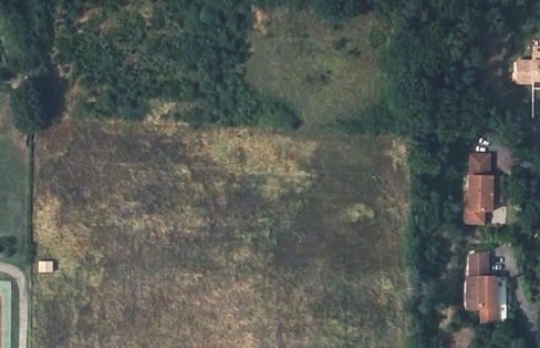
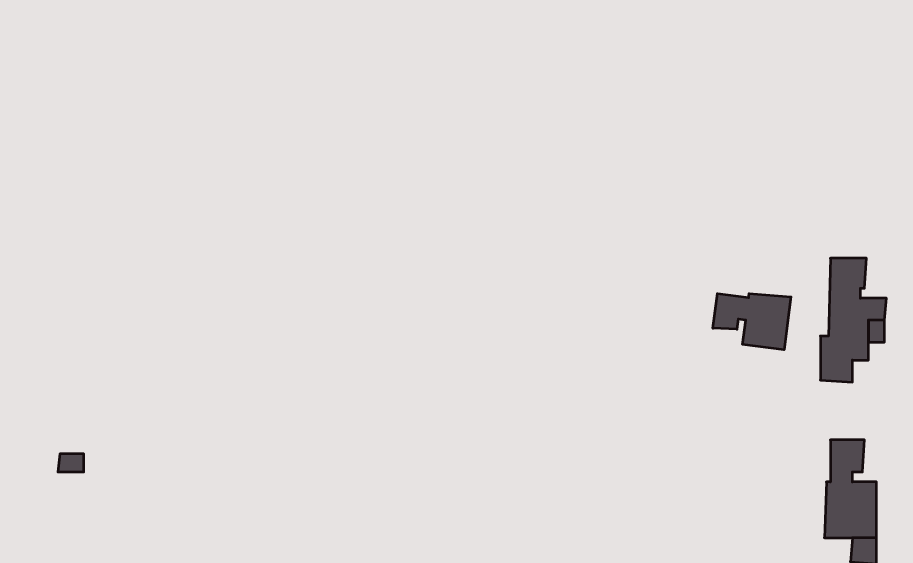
building: none -> [713,294,791,350]

